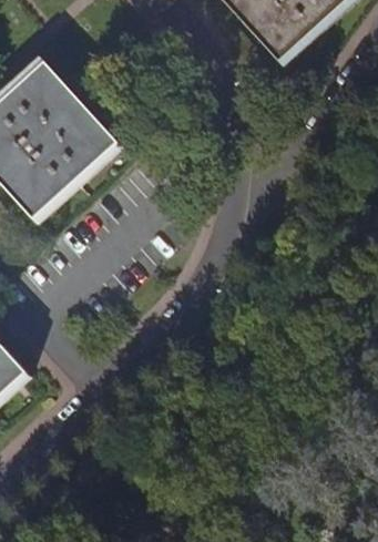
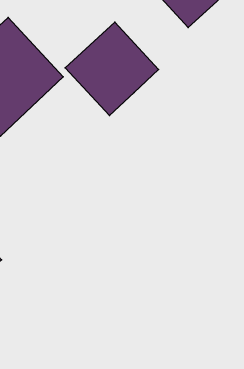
building: none -> [65,22,159,116]

